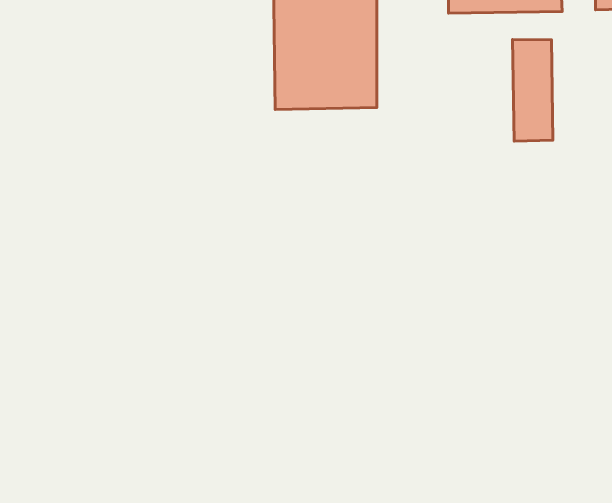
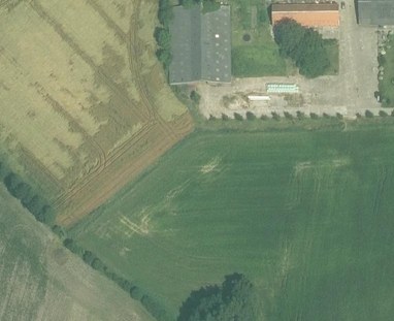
building: [513,40,553,141] -> none

